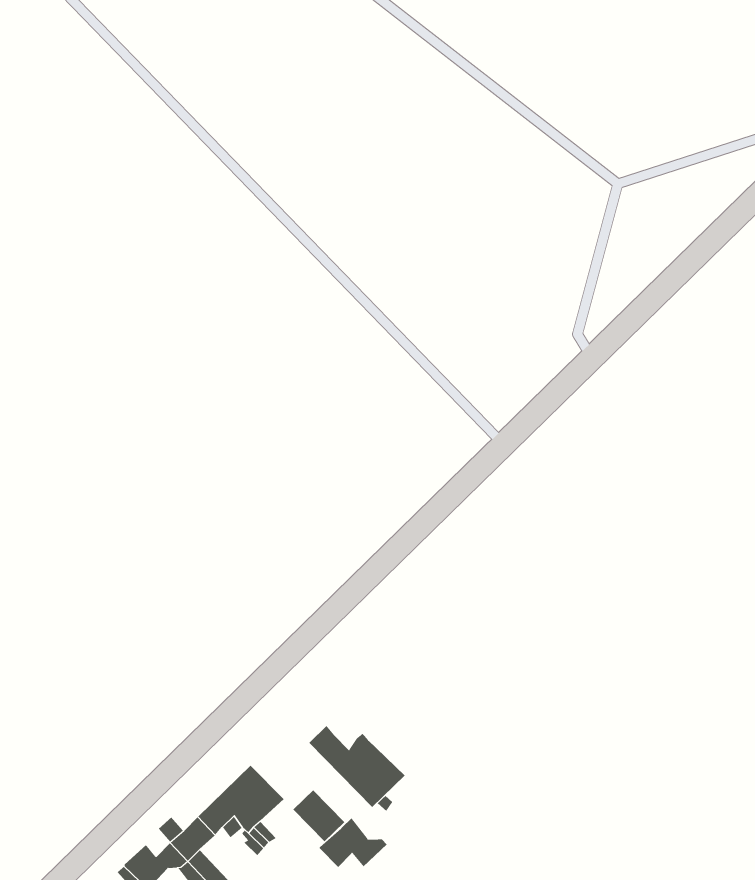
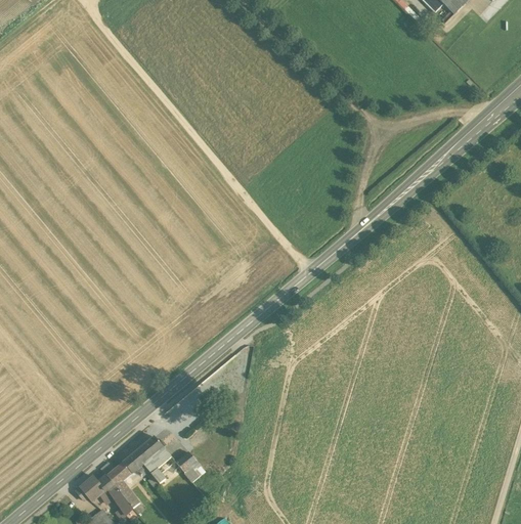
building: [309,725,406,808] -> none
building: [319,817,388,868] -> none

